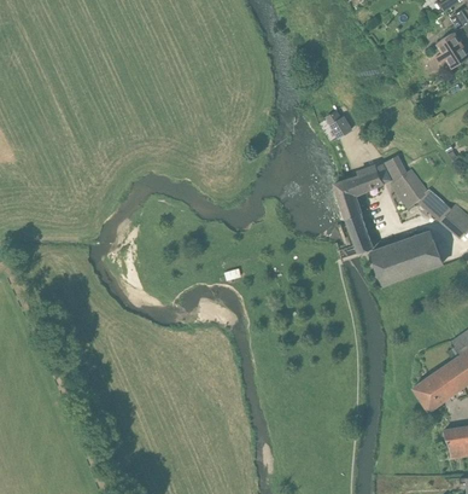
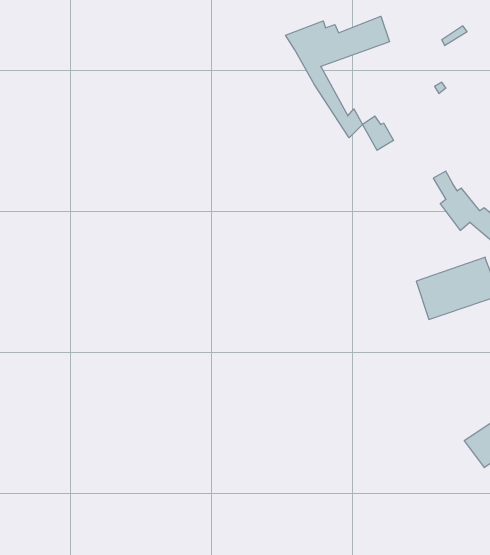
building: none -> [286,16,390,138]
building: [334,163,397,254] -> none

